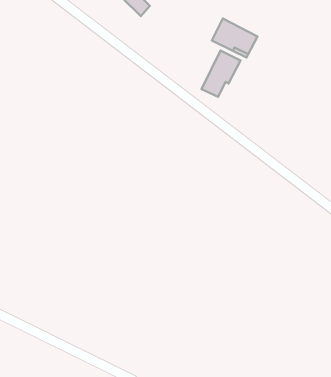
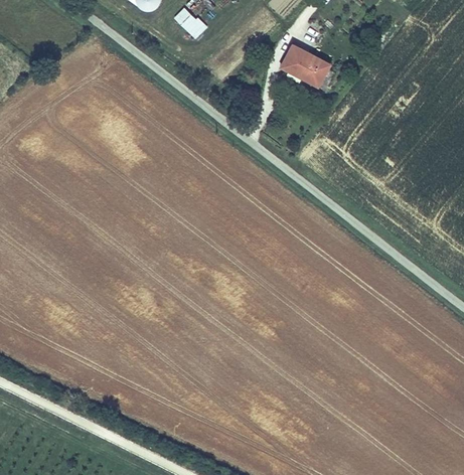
building: [202,50,241,97] -> none

